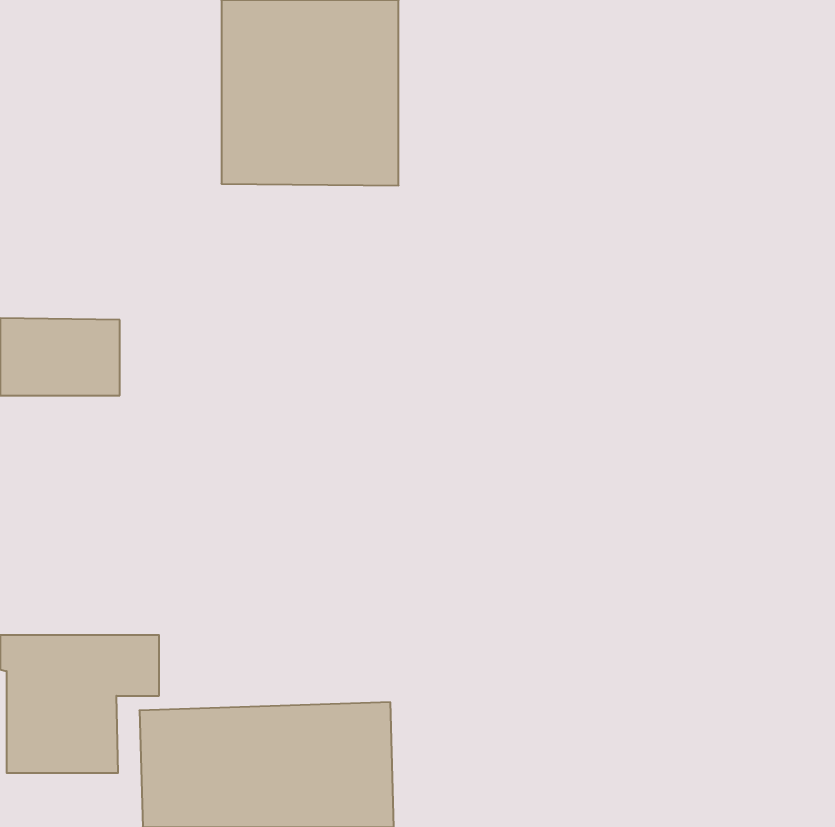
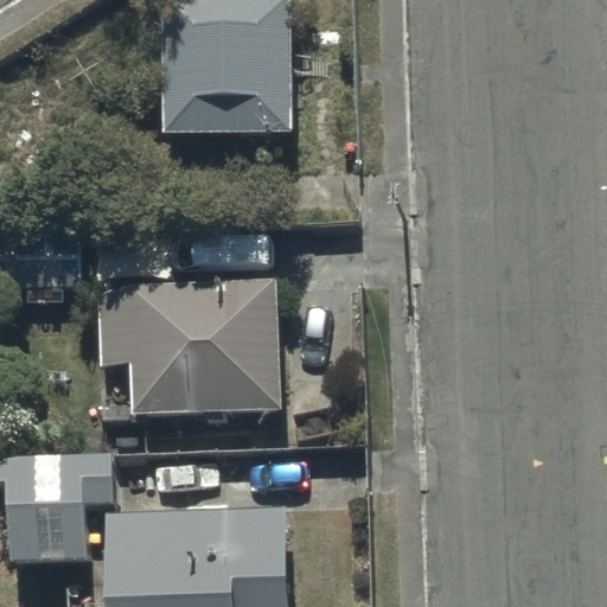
building: none -> [97,282,281,418]

